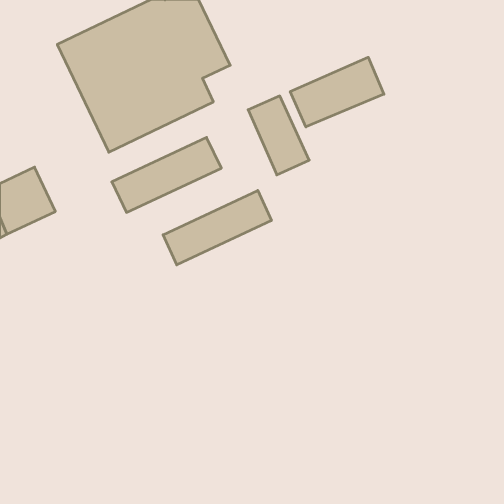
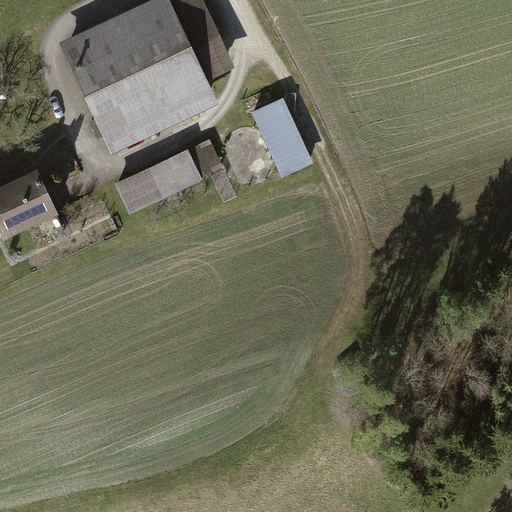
building: [290,57,384,127] -> none
building: [163,190,271,265] -> none

